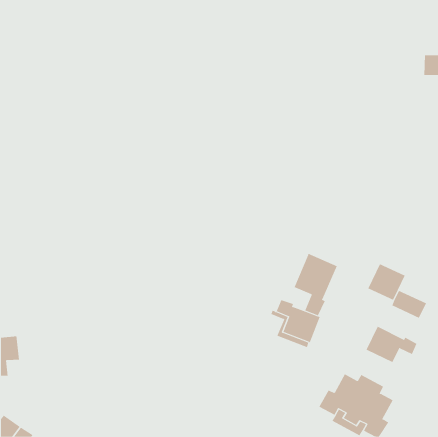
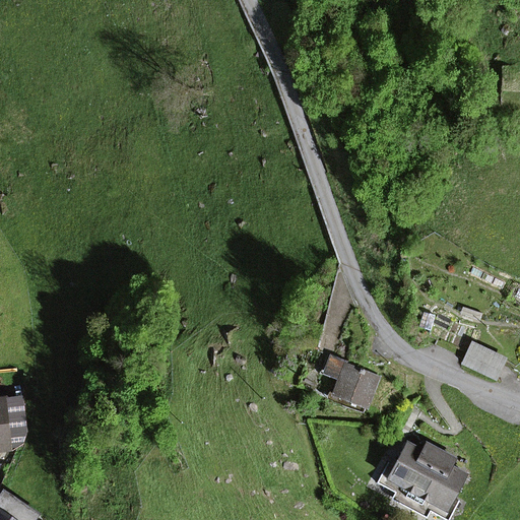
building: [294,253,337,316] -> none
building: [366,326,417,363] -> none

